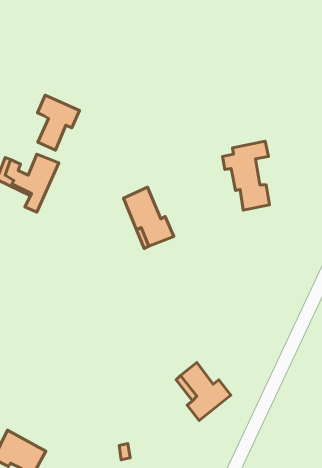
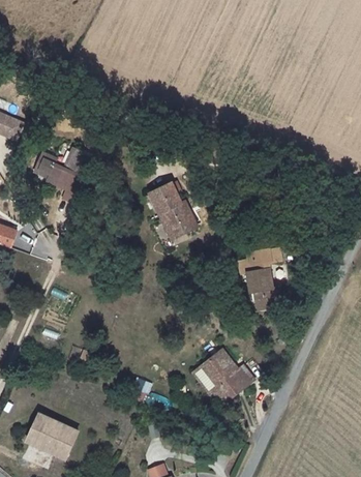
building: [38,95,80,150] -> none
building: [222,141,270,210] -> [241,246,285,311]

